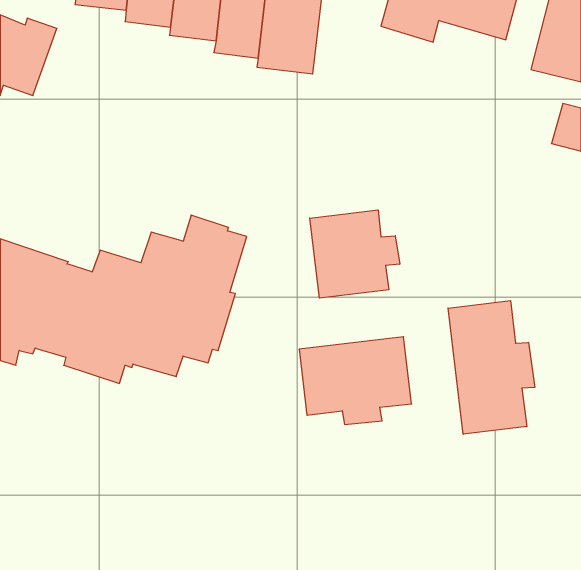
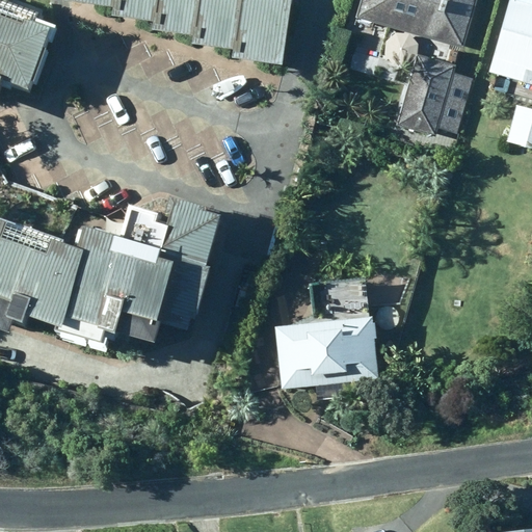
building: none -> [399,53,470,132]
building: [310,210,400,298] -> none
building: [448,301,535,434] -> none

